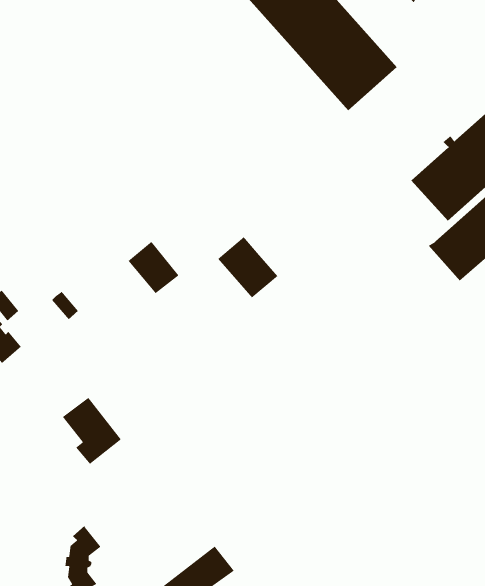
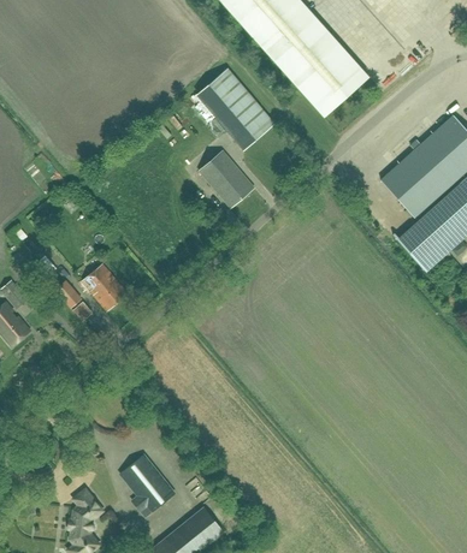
building: none -> [197,67,274,148]
building: [217,236,279,299] -> [199,150,254,207]
building: [127,241,179,294] -> [81,262,128,310]
building: [62,397,122,465] -> [119,454,173,516]

